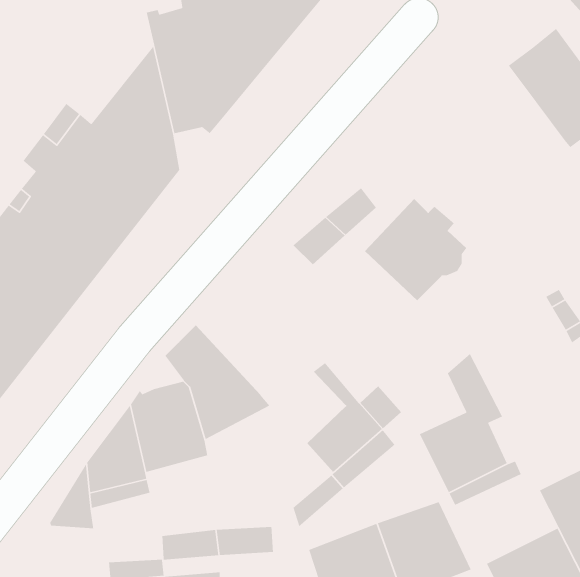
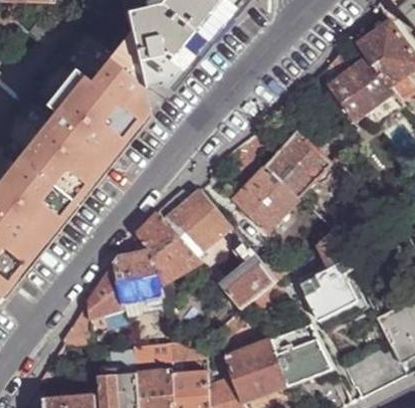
building: none -> [319,48,393,122]
building: none -> [232,165,298,234]
building: none -> [156,188,231,257]

